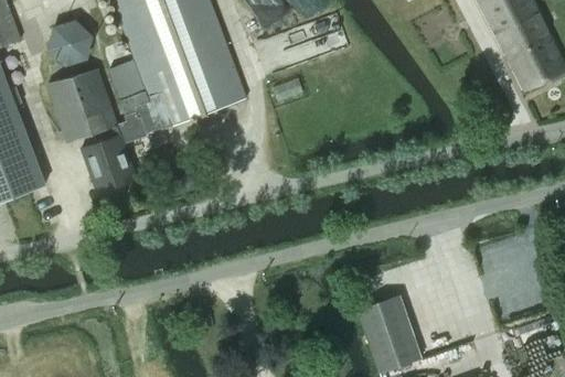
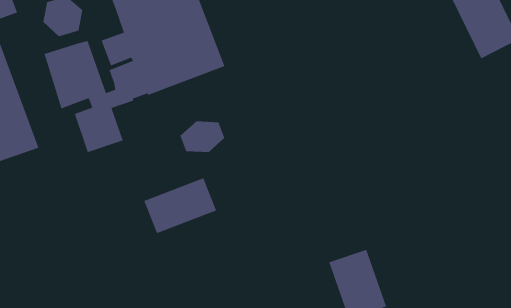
building: none -> [179,121,225,153]
building: none -> [143,177,217,234]

